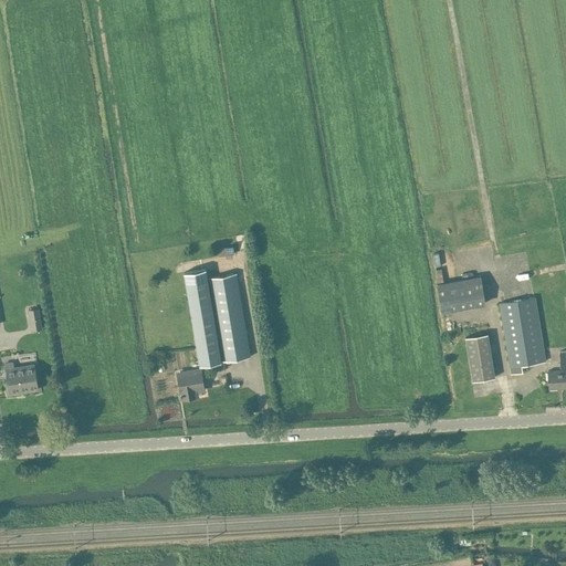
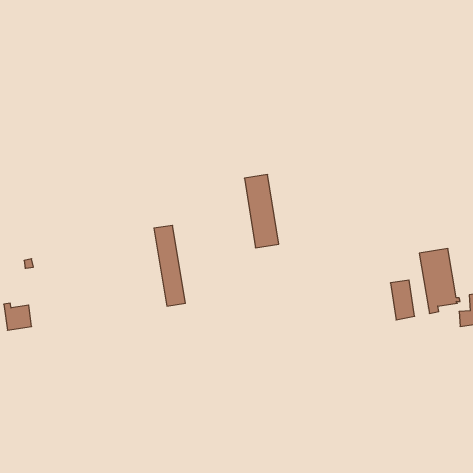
building: [210,274,251,361] -> [244,175,279,248]
building: [437,276,486,313] -> none
building: [178,370,205,400] -> none

